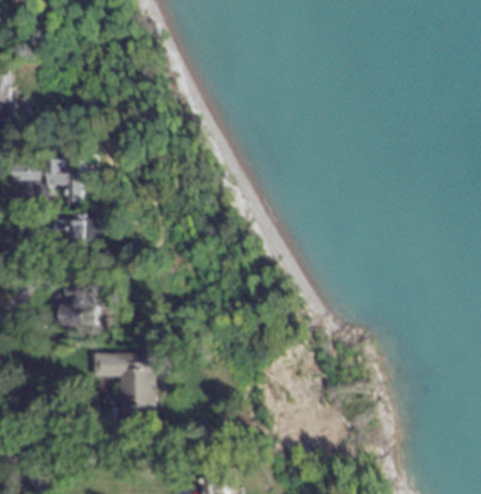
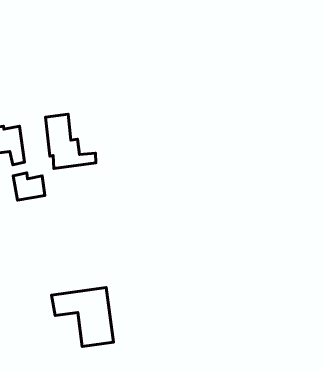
building: none -> [46,114,96,169]
building: [58,276,93,326] -> none

